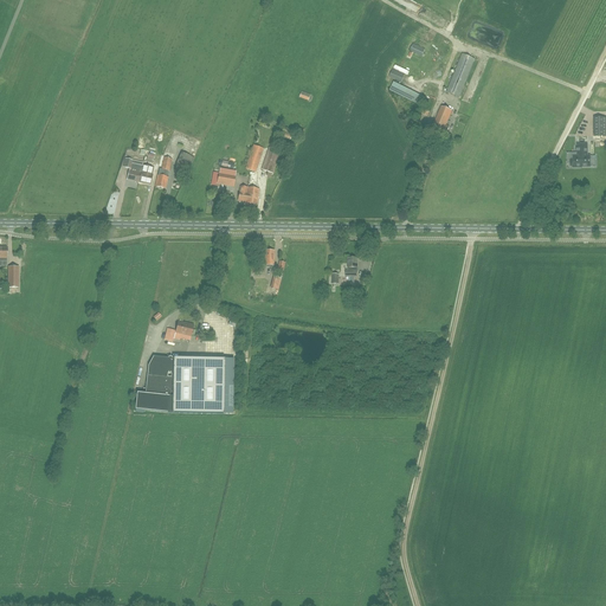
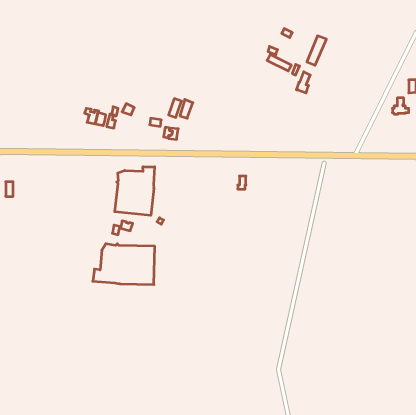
building: none -> [115,167,155,215]

